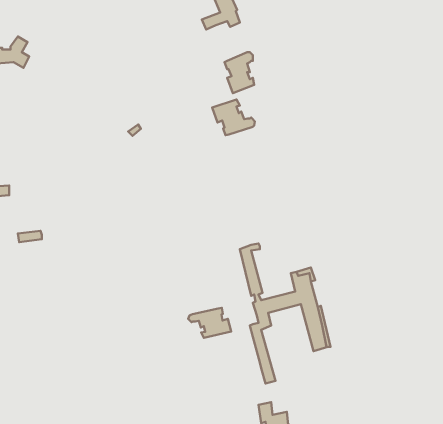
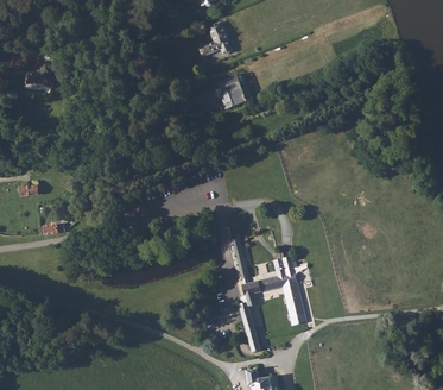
building: [212,100,255,135] -> none
building: [188,308,231,338] -> none

